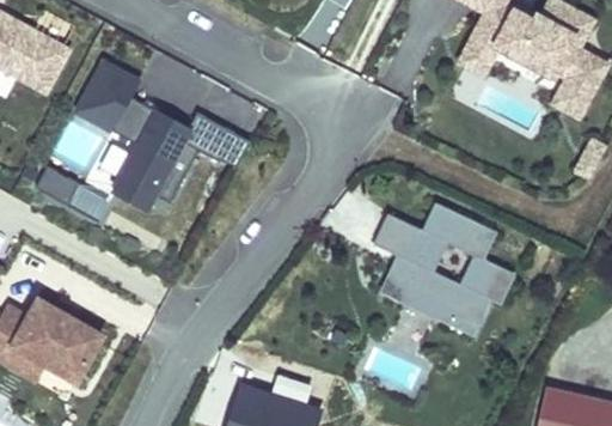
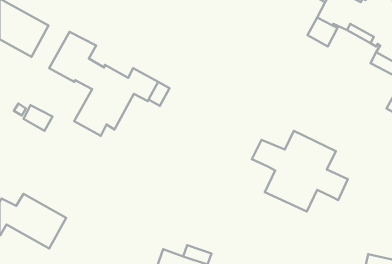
building: [379,257,491,340] -> none

